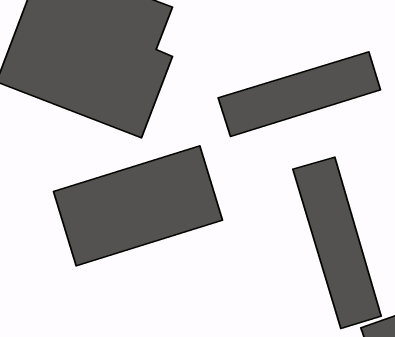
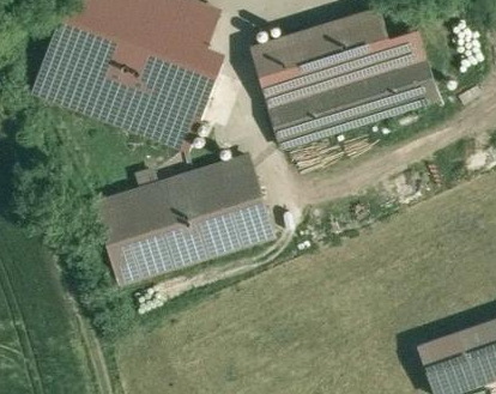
building: none -> [249,8,425,105]
building: [293,157,381,328] -> none

